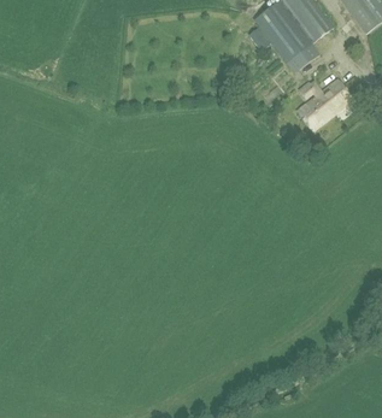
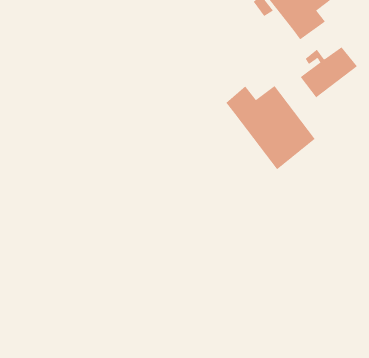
building: none -> [225,85,316,170]

